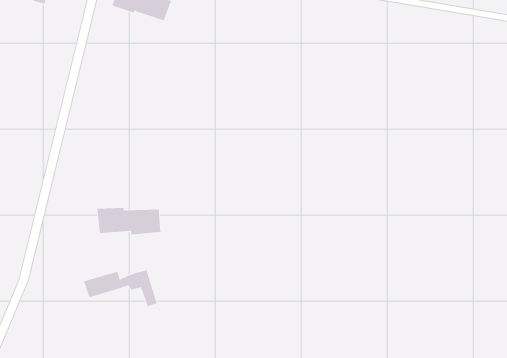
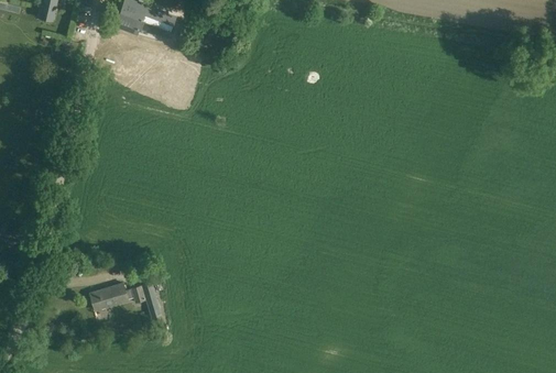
building: [97,207,161,235] -> none

